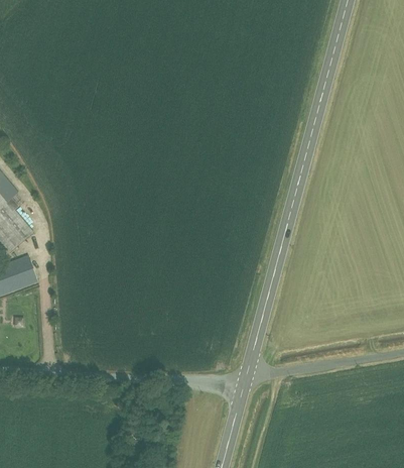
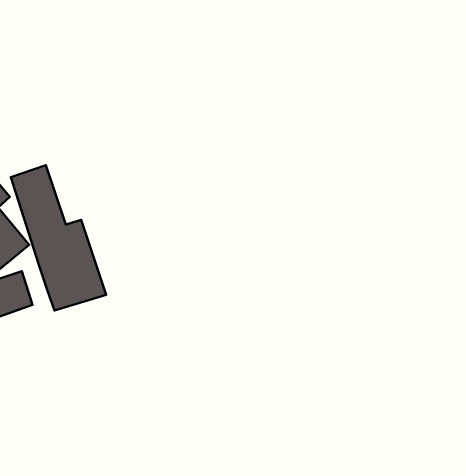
building: none -> [11,165,106,310]

